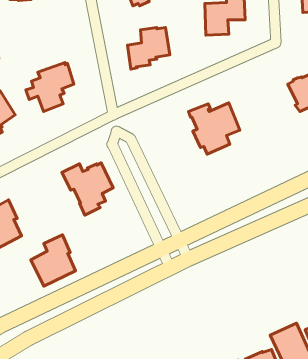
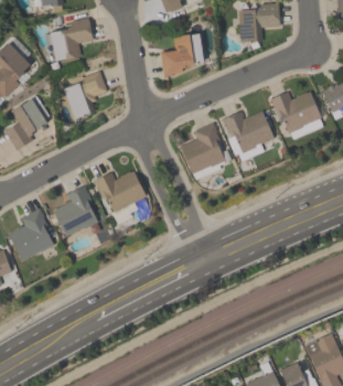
building: none -> [44,18,93,60]
building: none -> [270,92,323,139]
building: none -> [180,124,225,180]
building: [31,235,76,286] -> [52,185,97,237]

